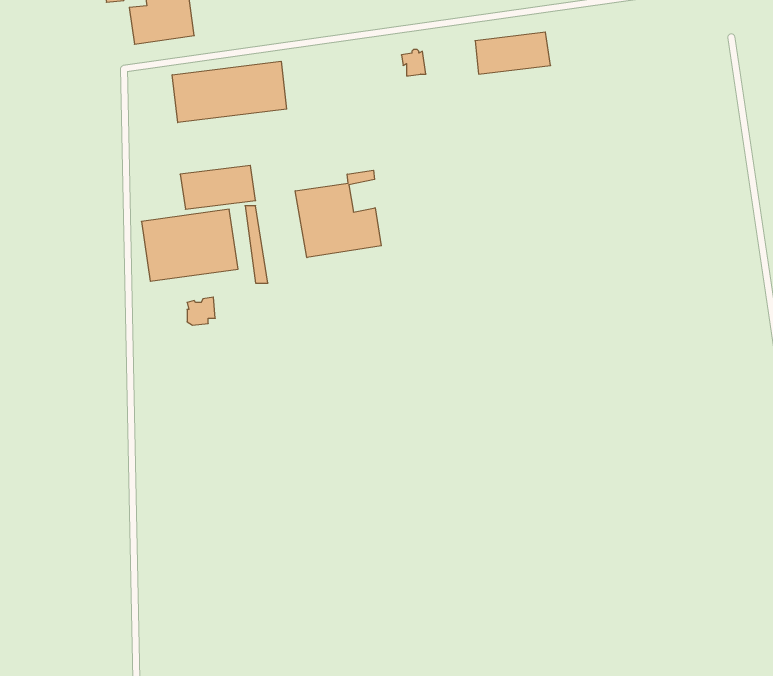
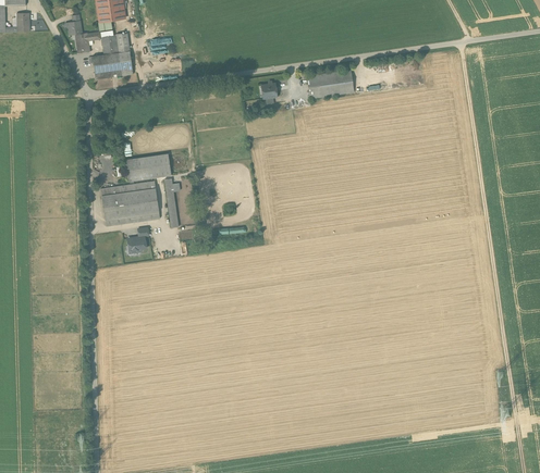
building: [172,61,287,123] -> none
building: [295,170,381,258] -> none

